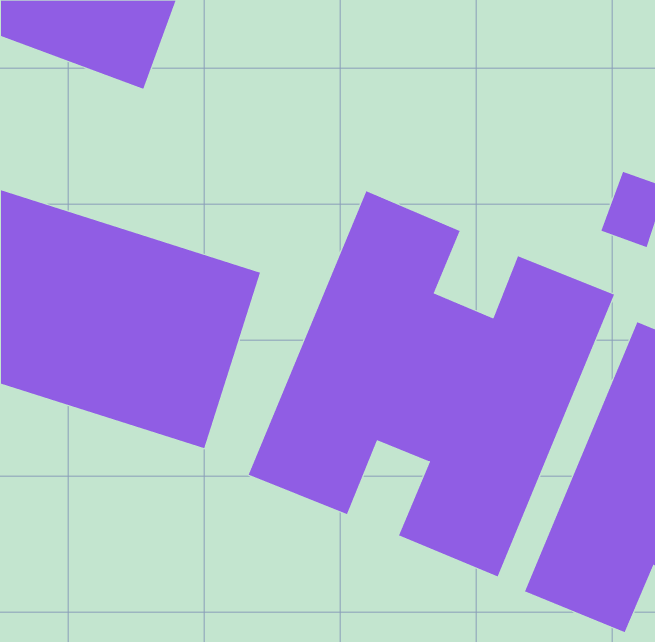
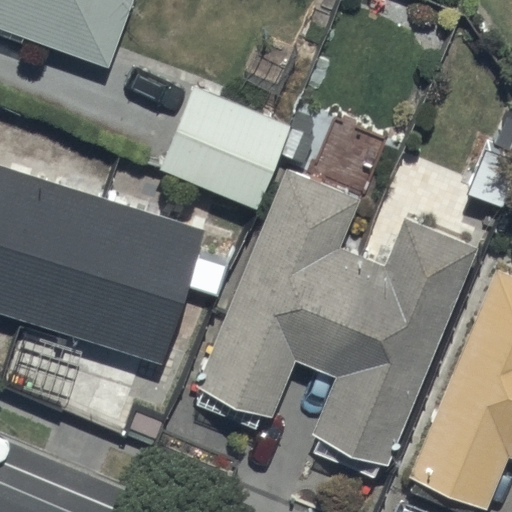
building: none -> [160,80,291,203]

